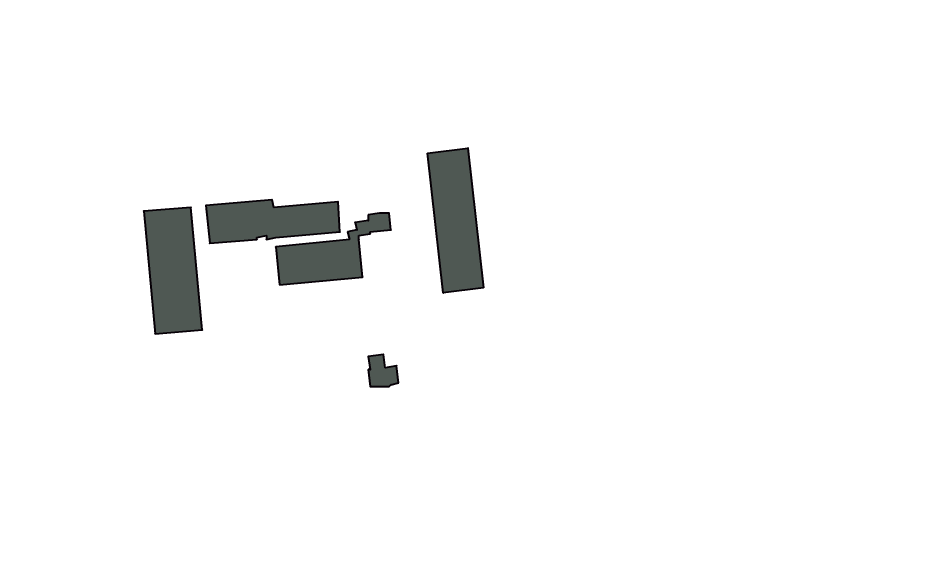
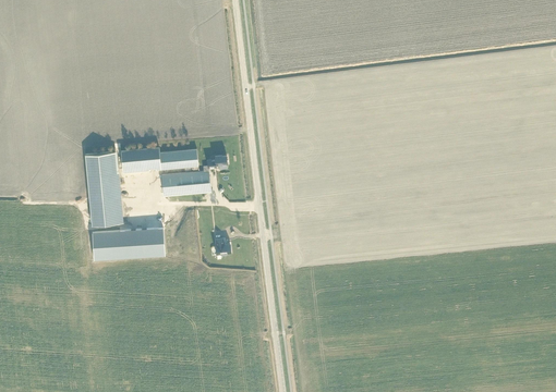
building: [428,148,483,293] -> none
building: none -> [93,225,160,258]

